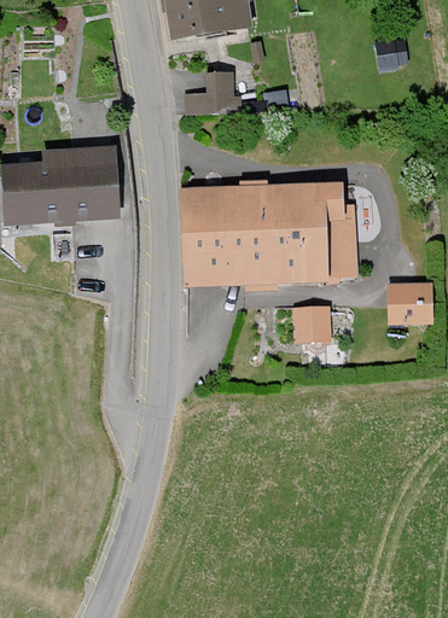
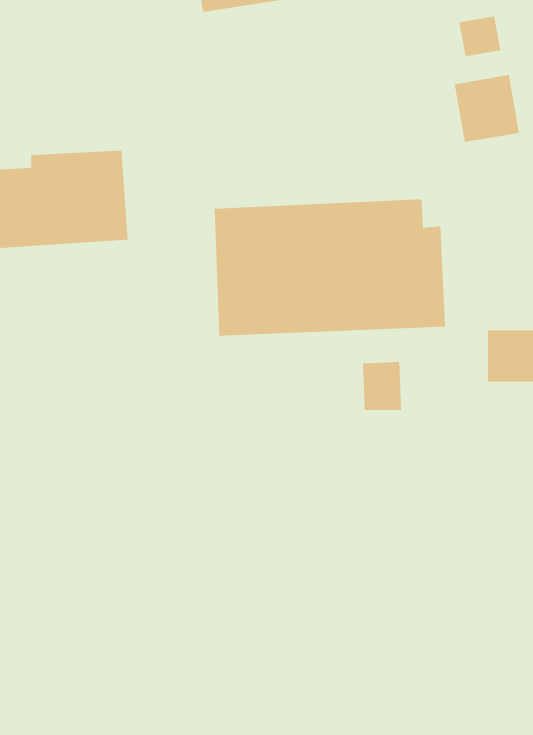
building: [182,74,229,117] -> none
building: none -> [454,74,519,143]

